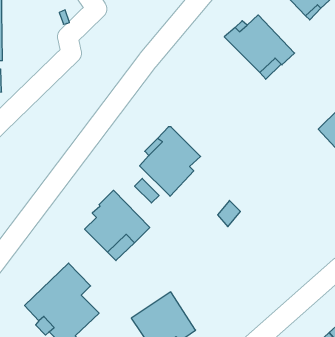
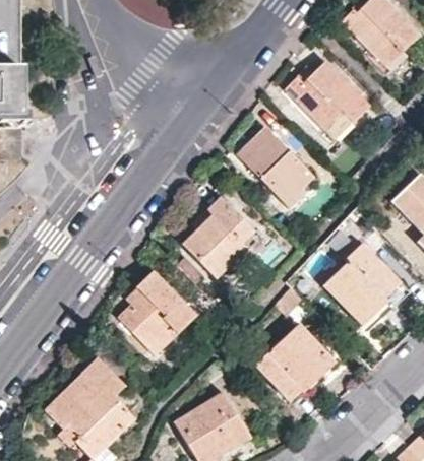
building: none -> [239,129,312,208]
building: none -> [325,243,409,329]
building: none -> [256,324,335,402]

